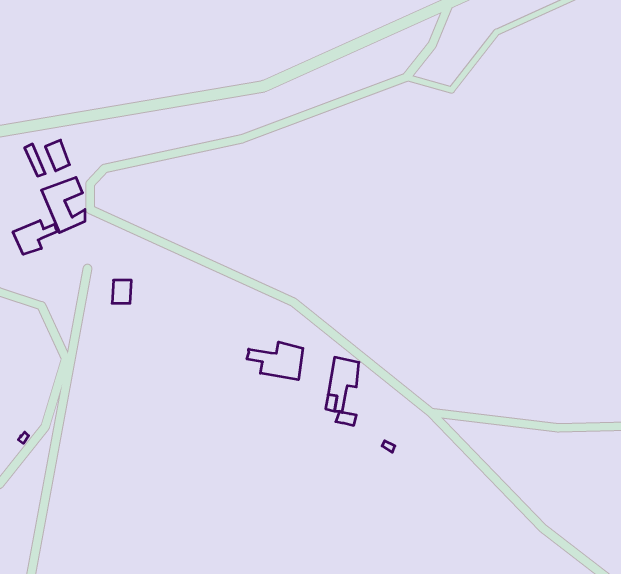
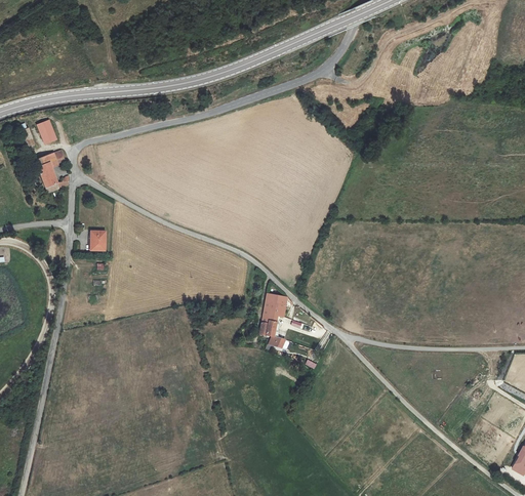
building: [13,220,58,254] -> none
building: [247,342,303,380] -> none

